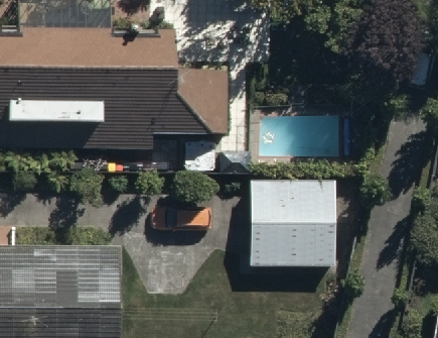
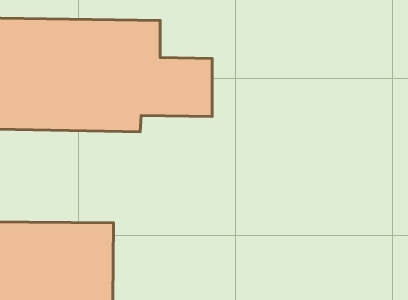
building: [246,180,335,267] -> none

